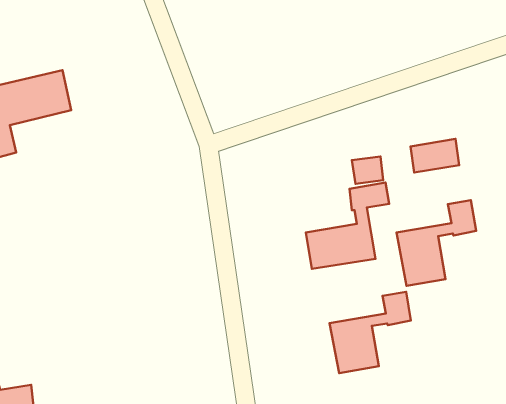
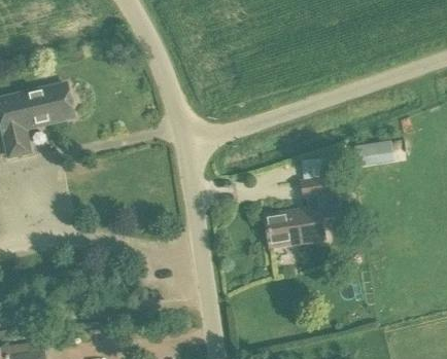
building: [396,200,476,286] -> none
building: [329,292,411,373] -> none

